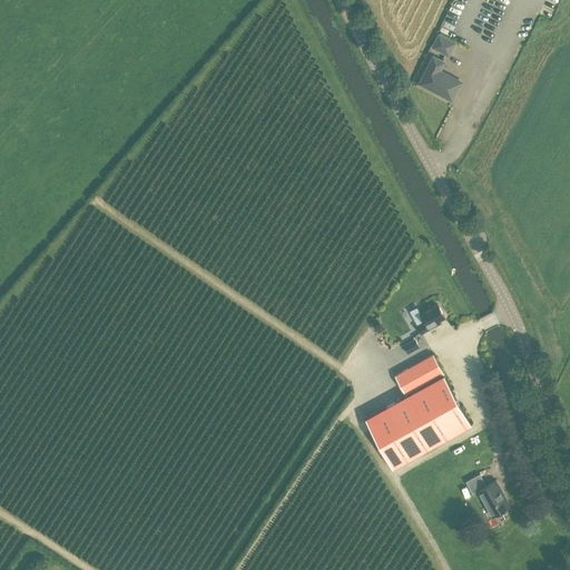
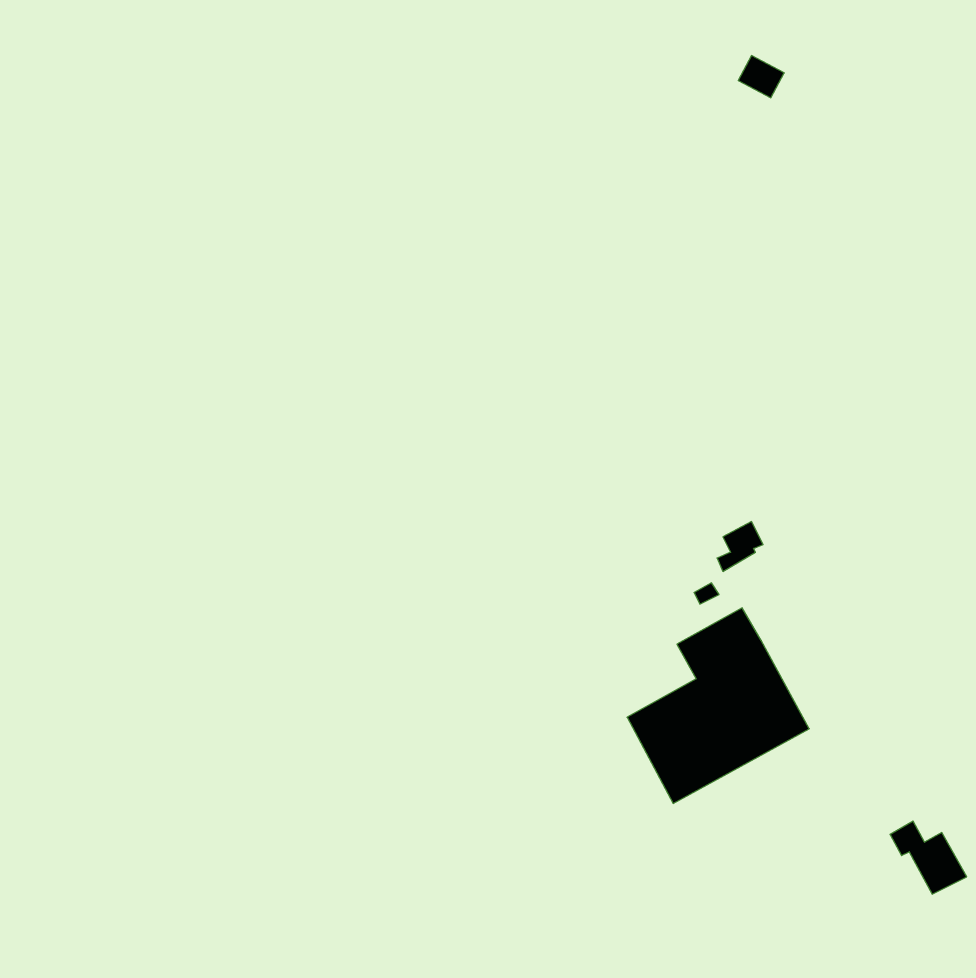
building: [417,58,460,98] -> none
building: [464,474,509,517] -> [890,821,967,894]

